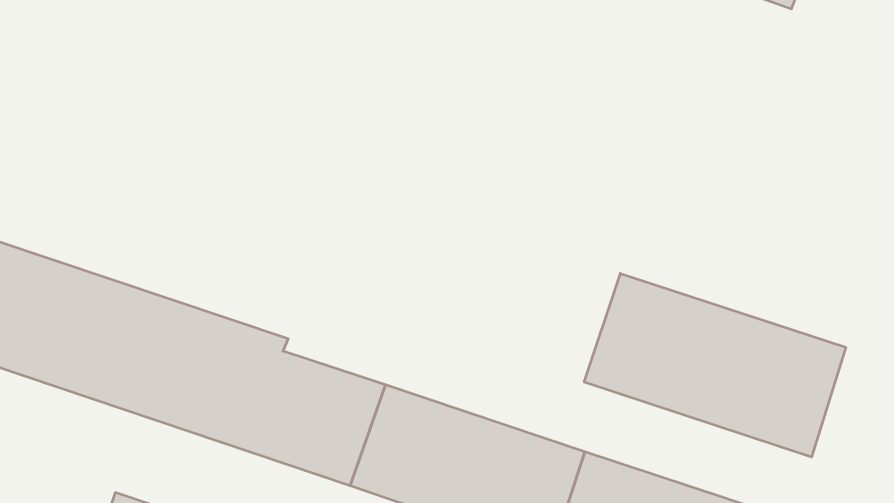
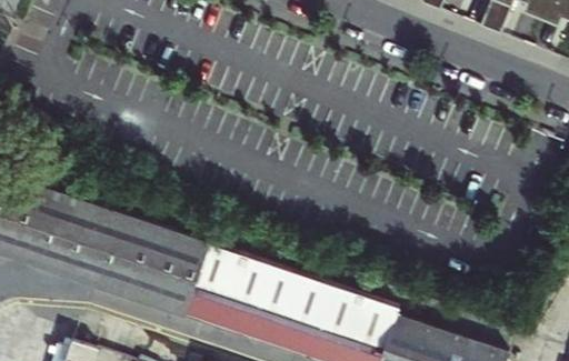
building: [584,273,846,457] -> none

